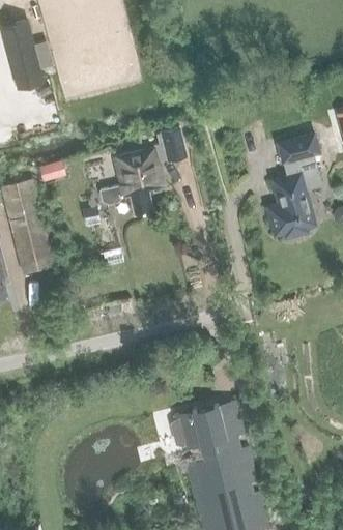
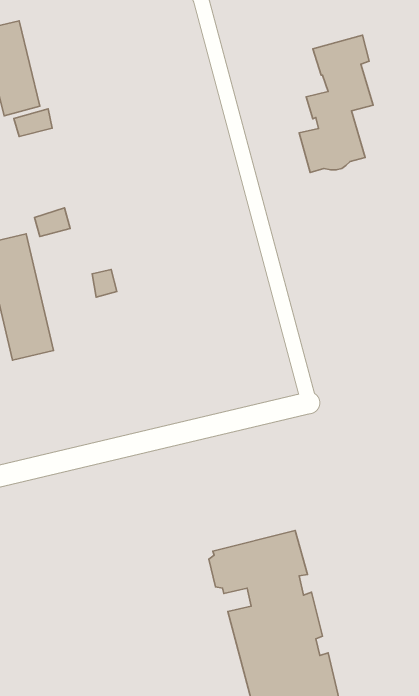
building: [99,129,187,216] -> none
building: [266,134,322,237] -> [299,35,373,173]

